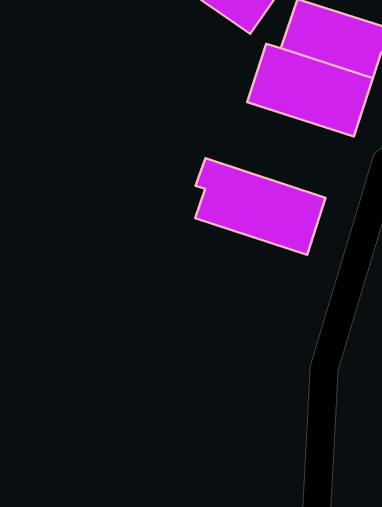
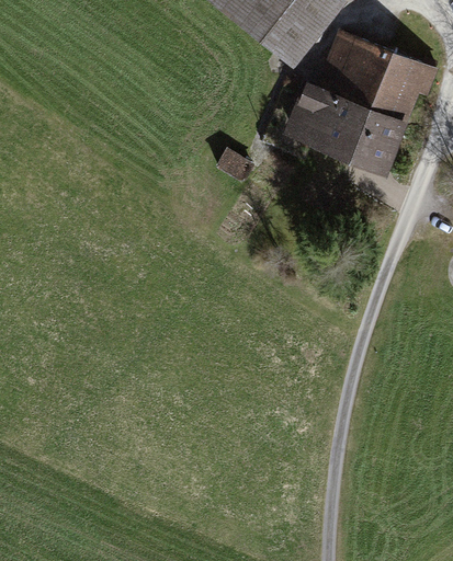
building: [195,158,325,255] -> none

